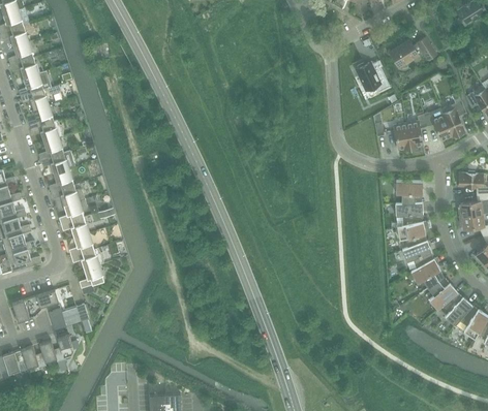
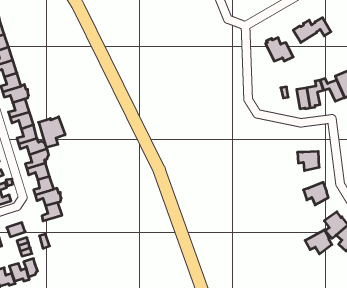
building: none -> [38,117,65,147]
building: [395,180,422,202] -> none
building: [396,221,425,247] -> none
building: [409,257,443,287] -> [305,230,332,254]

